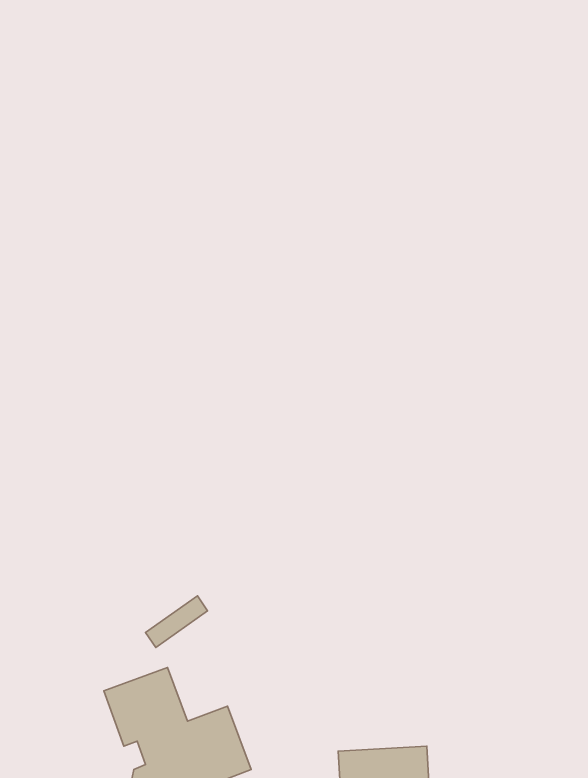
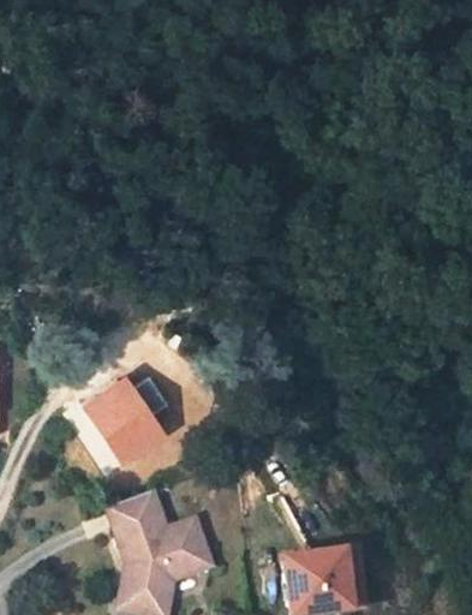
building: none -> [86,377,167,458]

